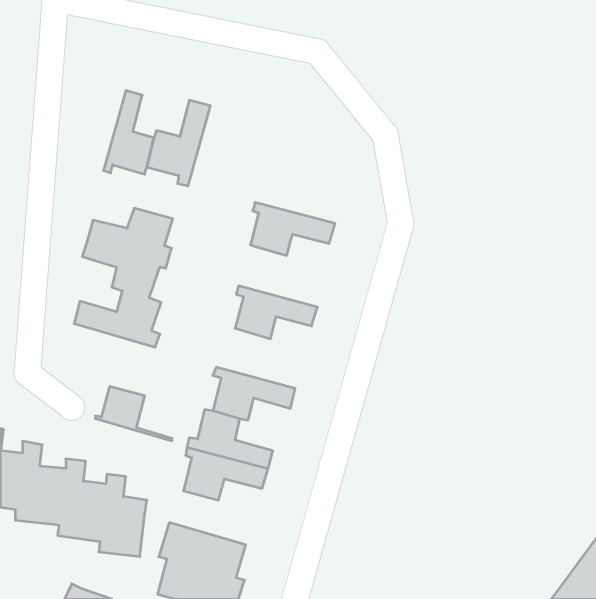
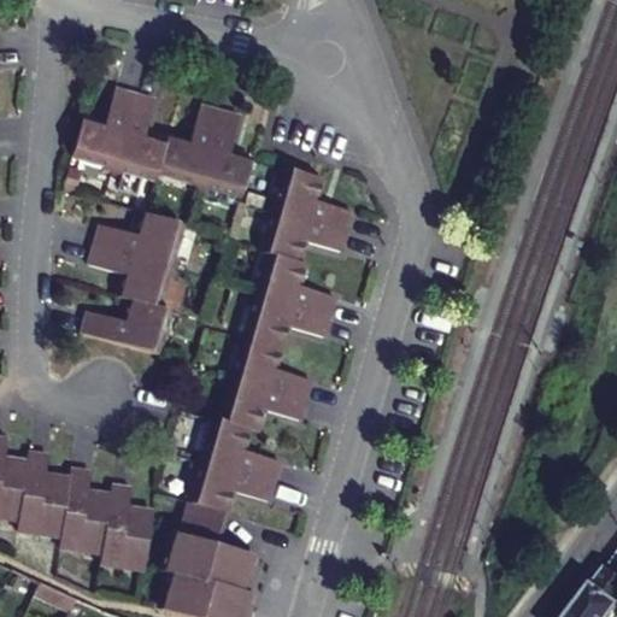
building: none -> [74,87,134,175]
building: none -> [198,108,251,194]
building: none -> [266,168,353,229]
building: none -> [249,253,335,315]
building: none -> [227,336,313,398]
building: [95,387,172,441] -> [178,503,257,558]

